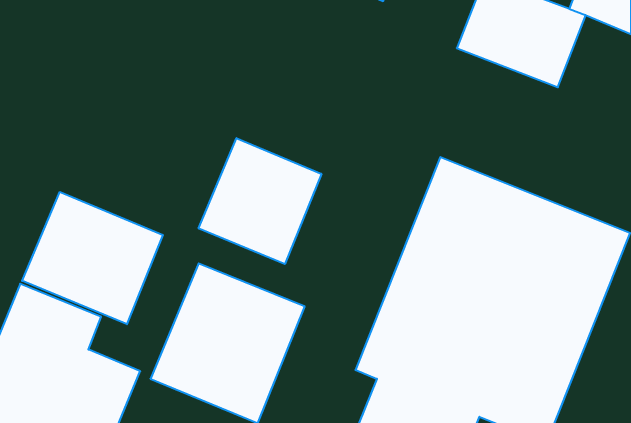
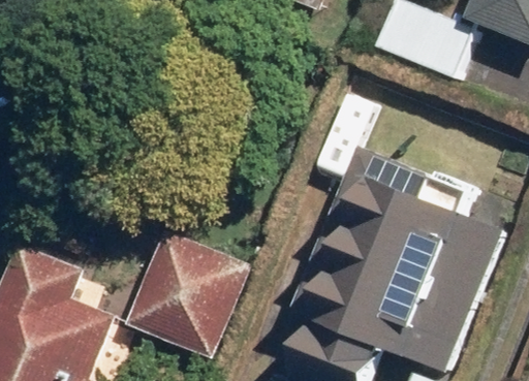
building: [199,138,321,264] -> none
building: [22,192,163,324] -> none

